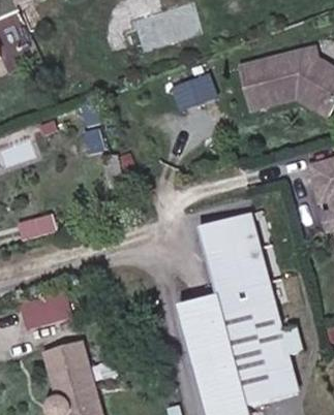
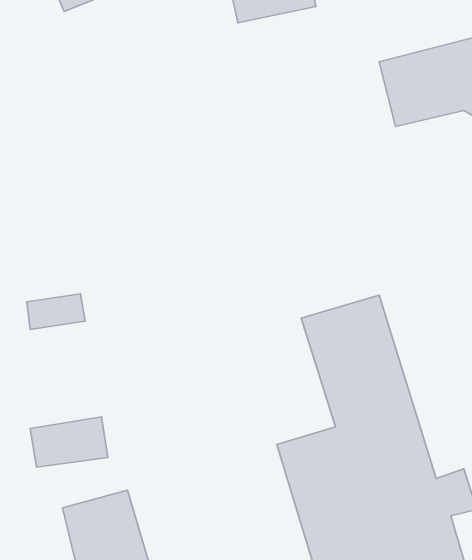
building: [170,69,216,107] -> none

